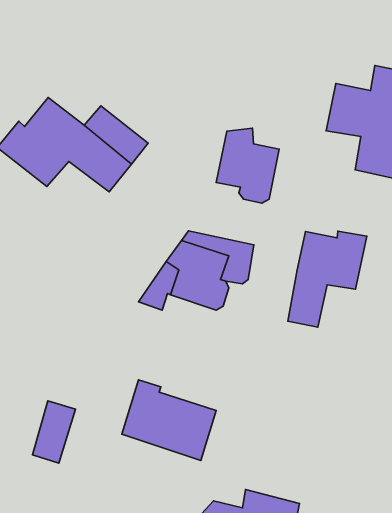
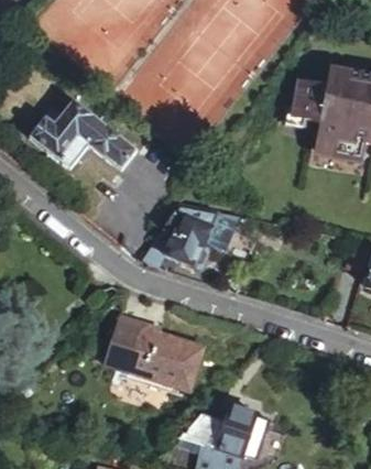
building: [216,128,279,203] -> none
building: [288,231,367,327] -> none
building: [33,401,76,463] -> [107,315,141,364]

